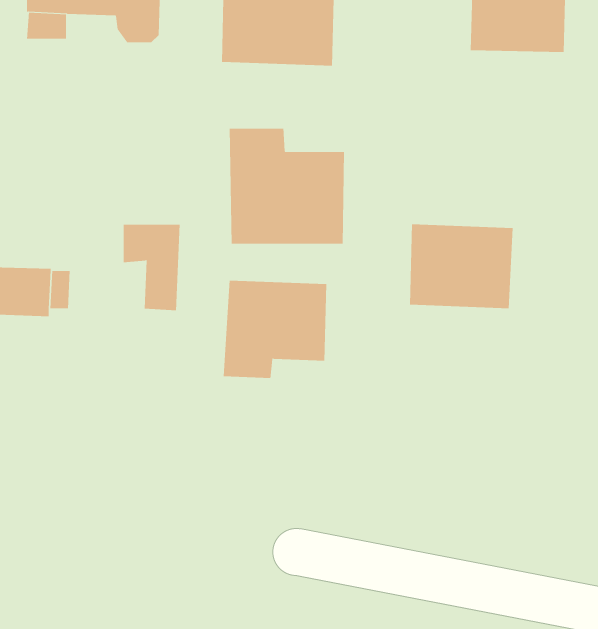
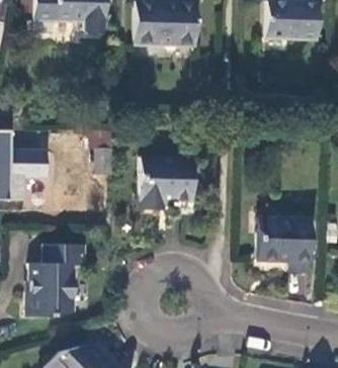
building: [229,128,345,245] -> none
building: [409,224,513,309] -> [257,217,312,262]
building: none -> [27,247,89,319]

